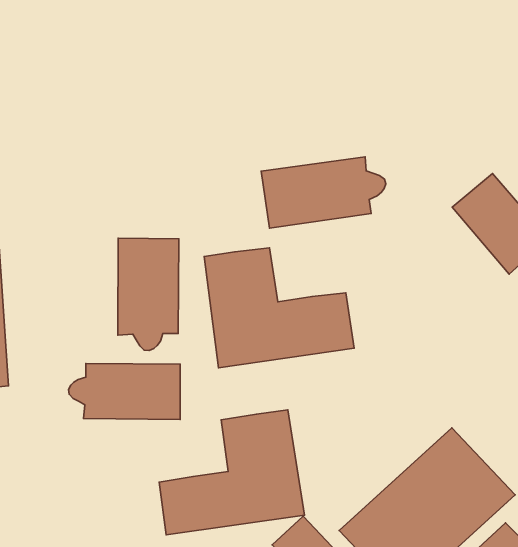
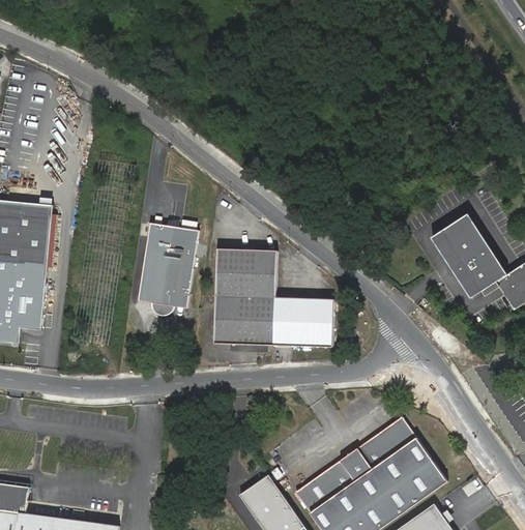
building: [261,157,386,228] -> none
building: [69,363,180,420] -> none
building: [159,410,304,535] -> none

